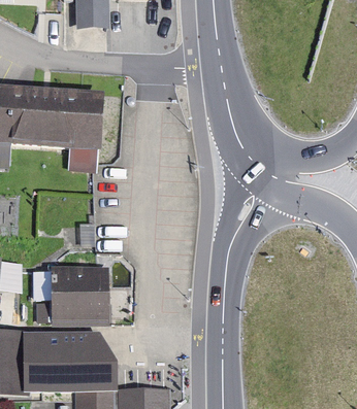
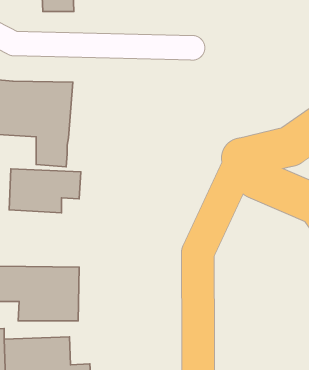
building: none -> [9,169,81,213]

